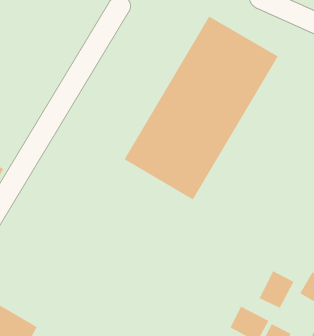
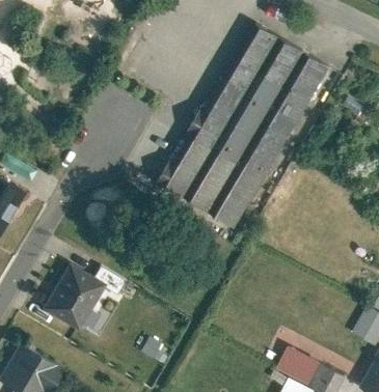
building: none -> [42,263,124,332]
building: [259,270,295,309] -> none

